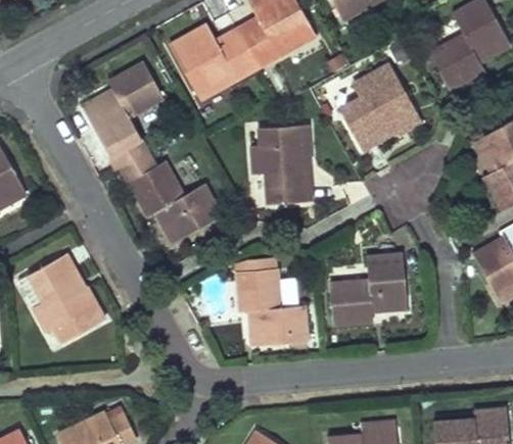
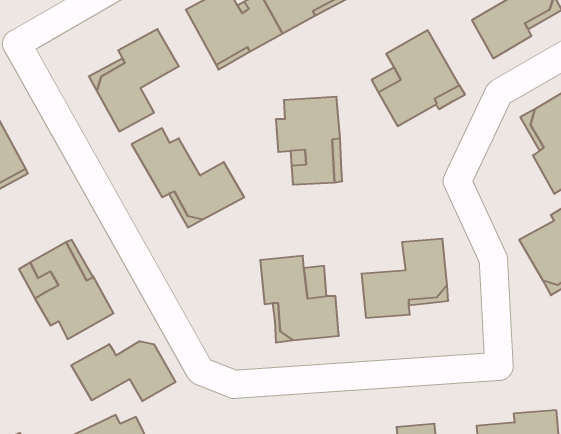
building: none -> [71,341,175,401]

